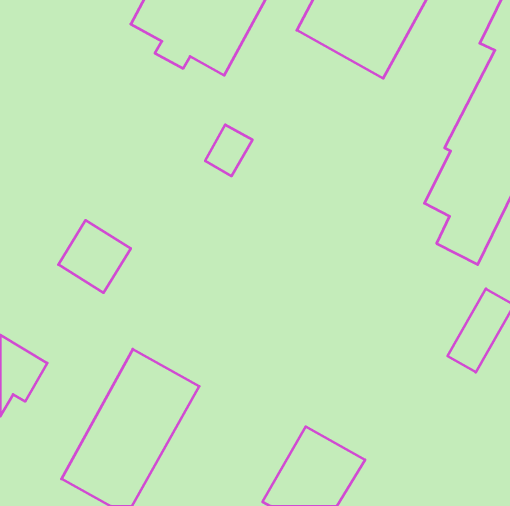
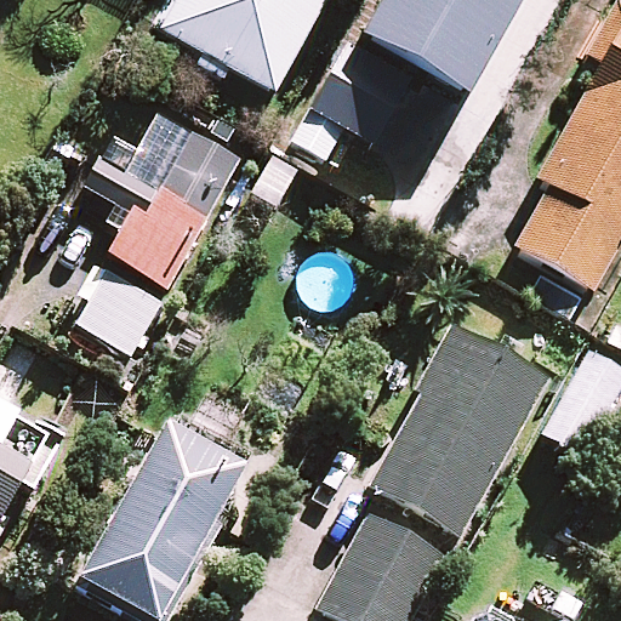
building: none -> [53,110,245,291]
building: none -> [374,324,546,531]

